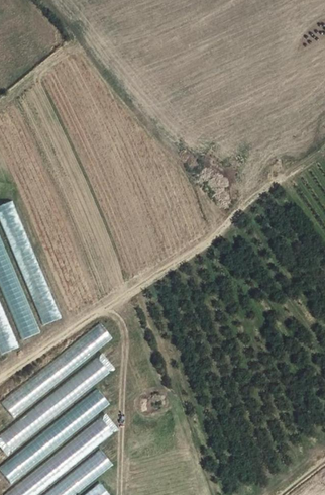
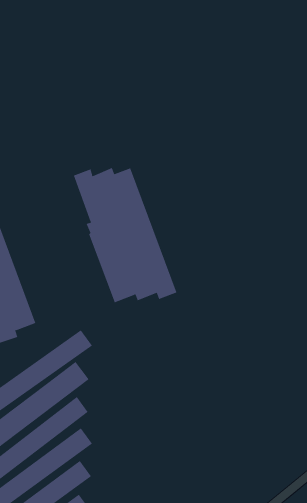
building: none -> [73,167,177,303]

